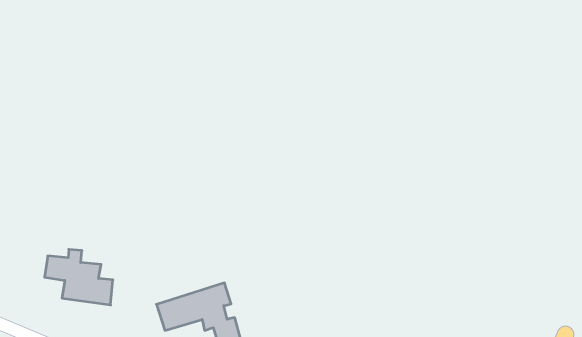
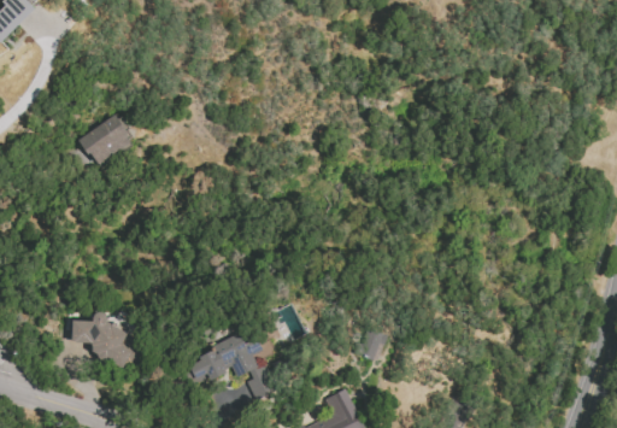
building: none -> [80,115,134,165]
building: none -> [358,327,388,359]

